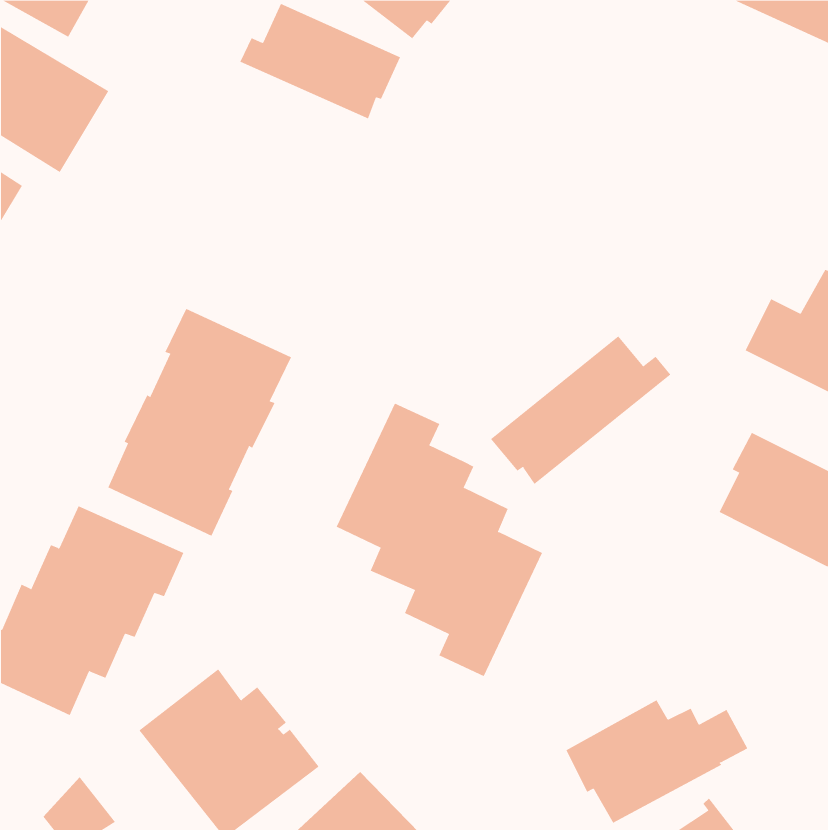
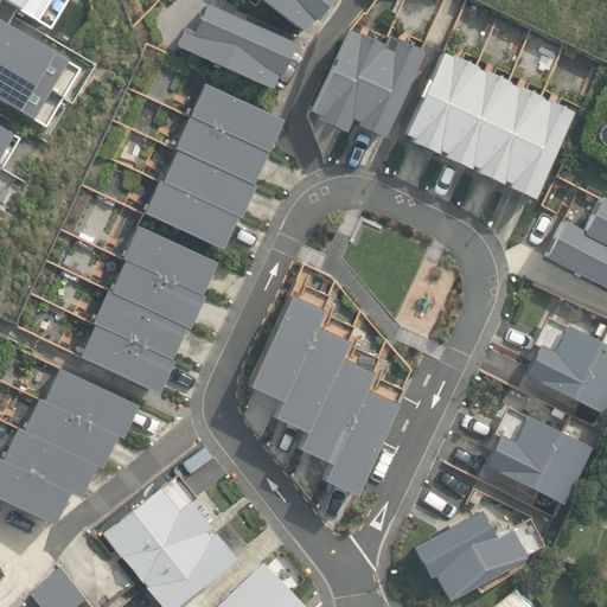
building: none -> [311,30,423,136]
building: none -> [405,53,576,200]
building: none -> [146,84,281,249]
building: [490,335,671,485] -> none
building: none -> [485,407,594,505]

